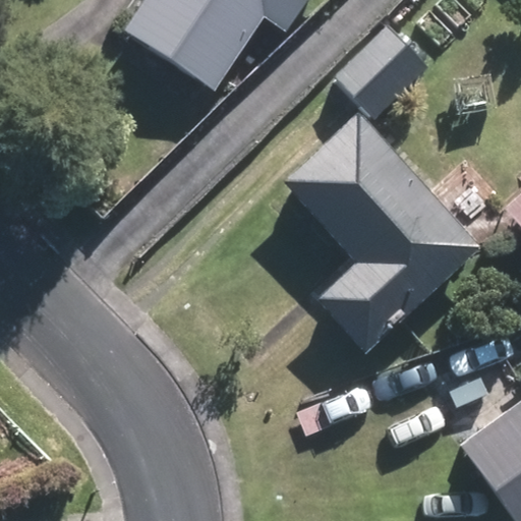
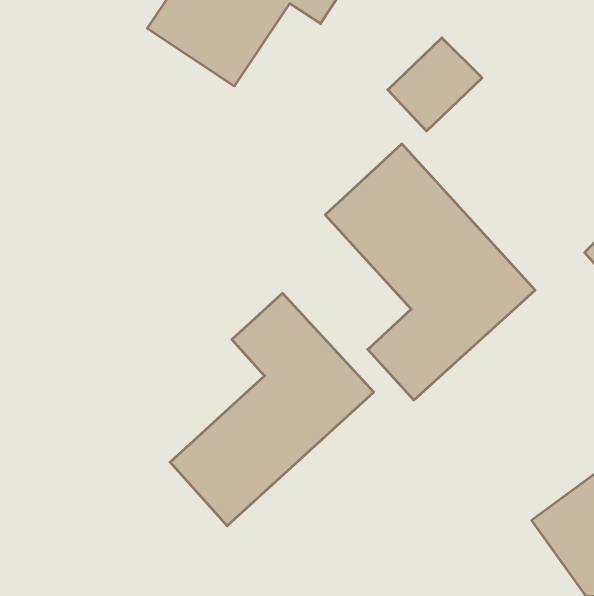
building: none -> [170,293,374,526]

